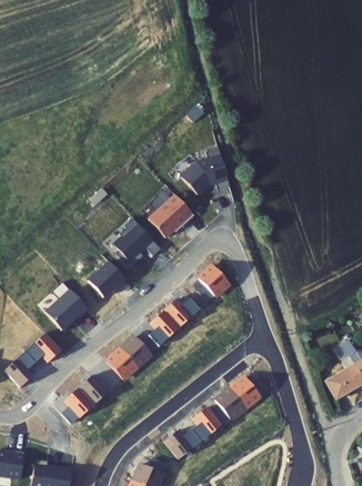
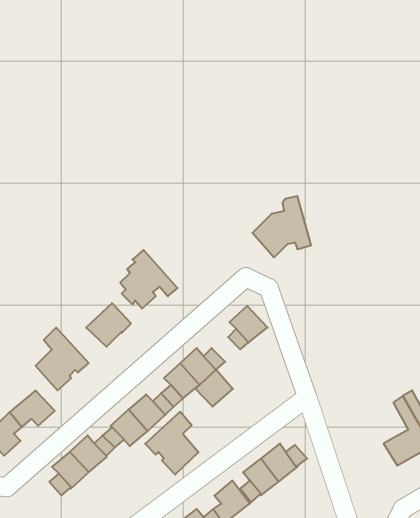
building: [181,148,229,198] -> [252,196,311,257]
building: [148,196,193,241] -> none
building: none -> [195,370,233,407]
building: none -> [145,412,199,475]

